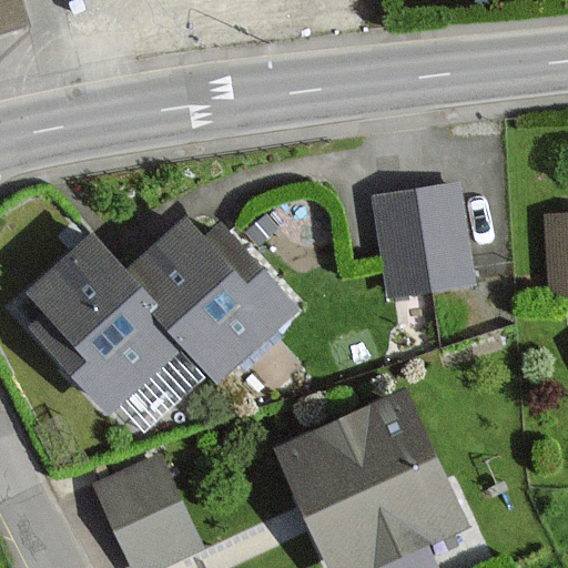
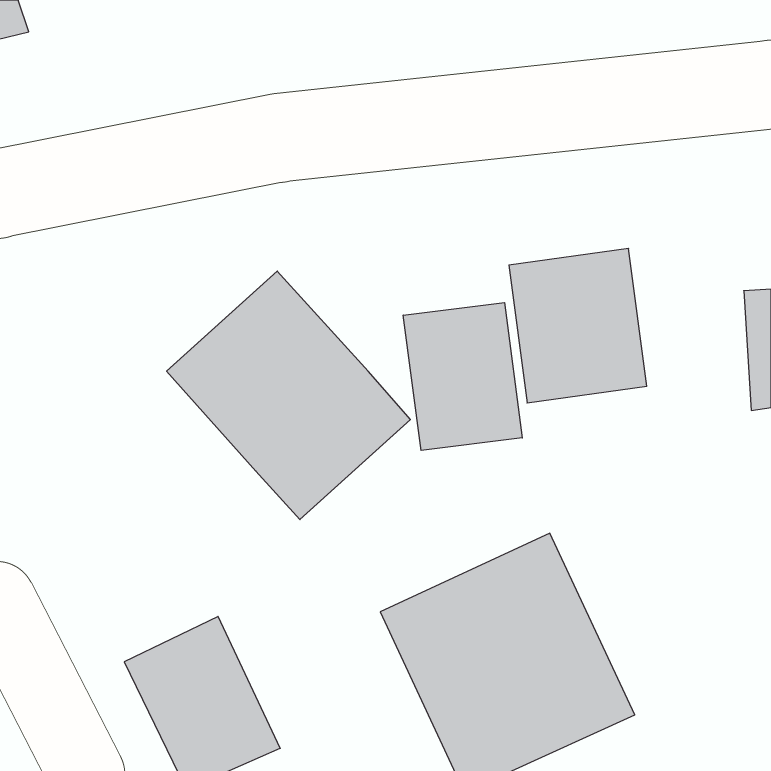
building: none -> [403,303,522,450]
building: [11,239,187,417] -> none

